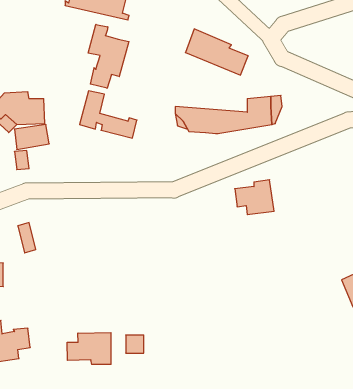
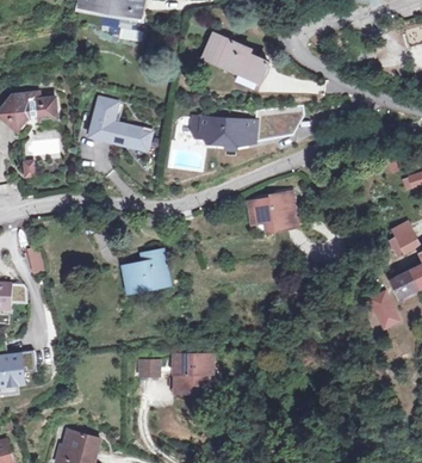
building: [88,24,129,88] -> none
building: none -> [125,249,168,288]
building: none -> [175,351,212,387]
building: [67,333,111,364] -> none

